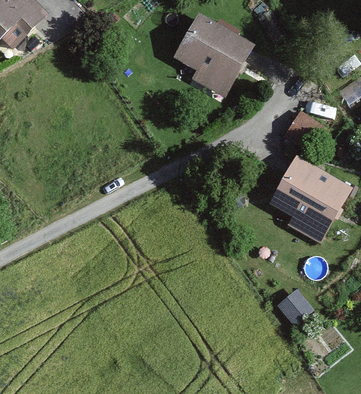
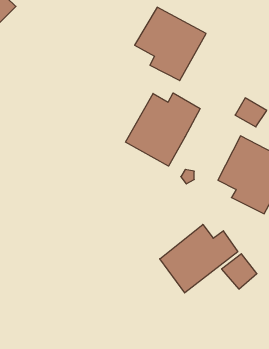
building: none -> [126,93,200,166]
building: none -> [160,224,238,293]

